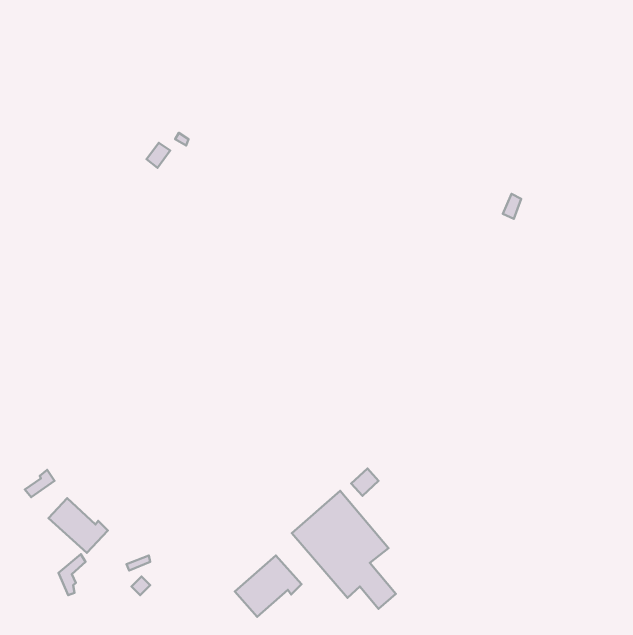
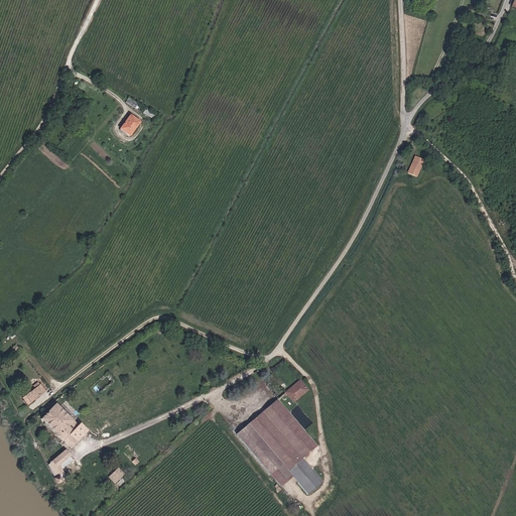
building: [235,556,302,617] -> none

